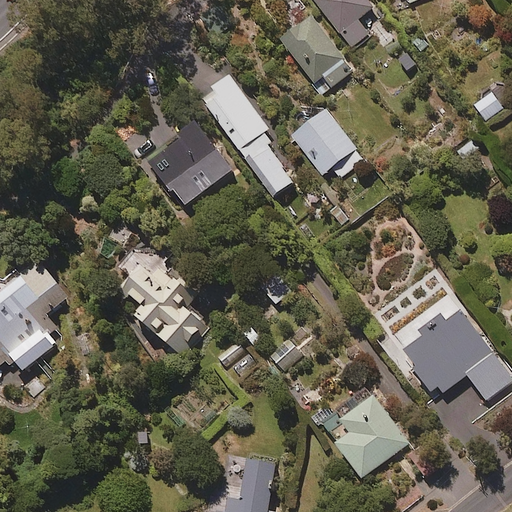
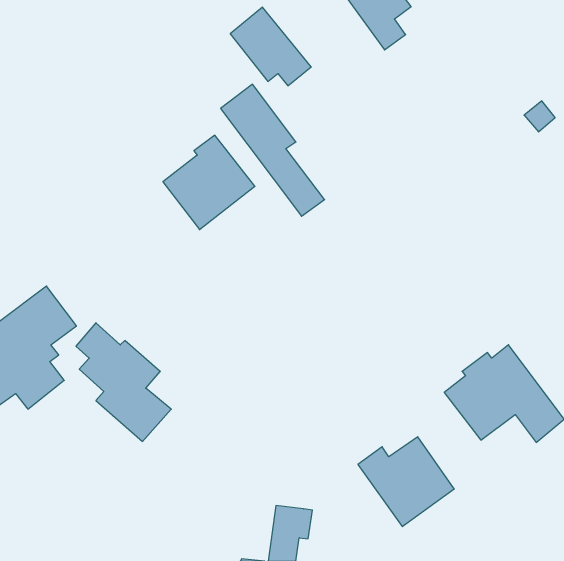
building: [278,14,351,85] -> [230,7,311,86]
building: [290,109,371,175] -> none
building: [121,244,207,351] -> [76,323,171,441]

